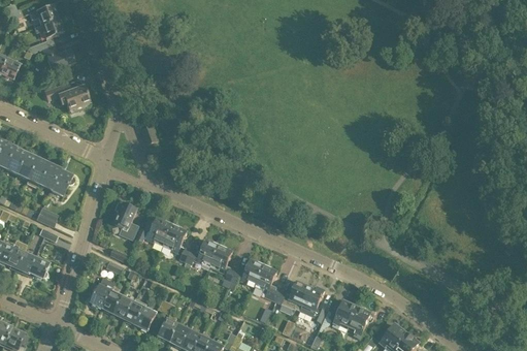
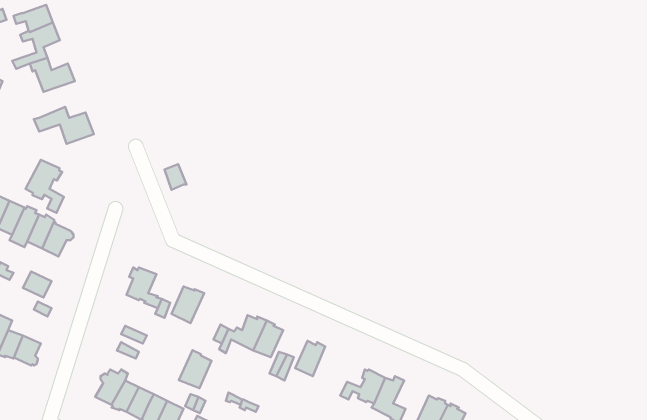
building: none -> [26,160,64,213]
building: [161,223,186,252] -> [179,350,212,388]
building: [254,263,279,300] -> none

